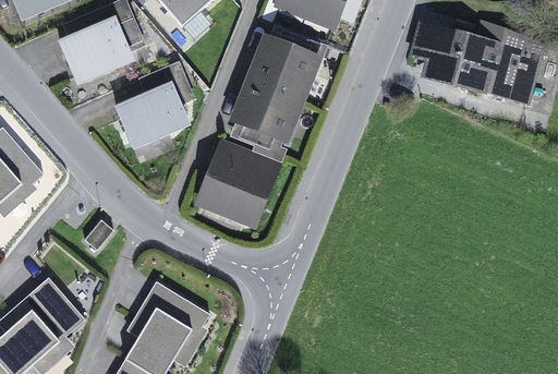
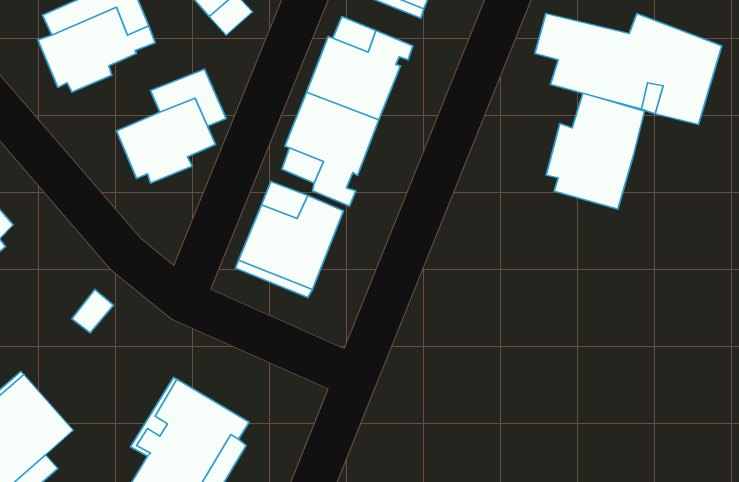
building: none -> [546,93,645,209]

